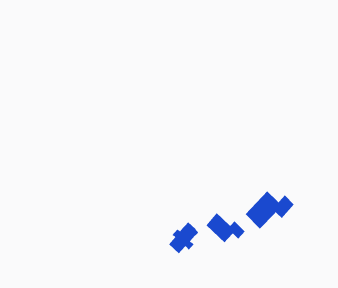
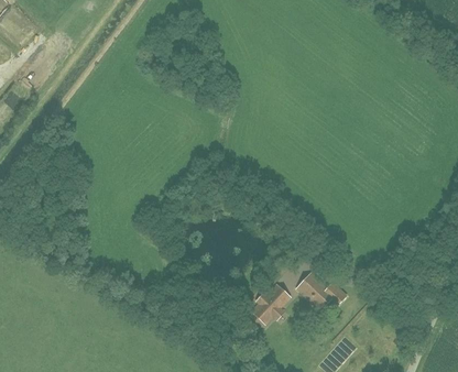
building: [245,190,295,230] -> none

